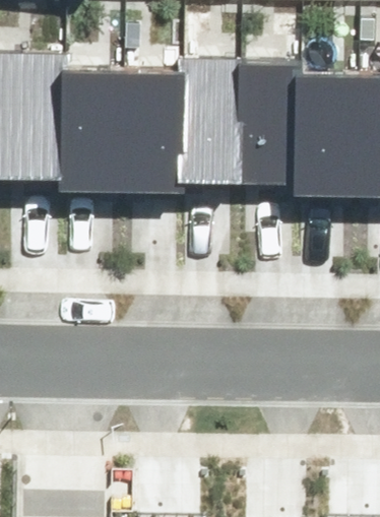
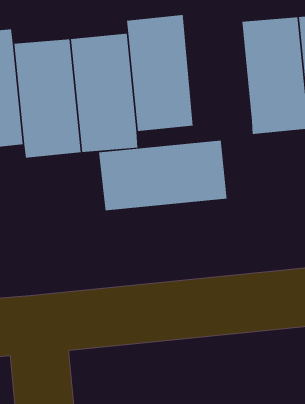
building: [241,65,303,179] -> none
building: none -> [98,140,227,211]

